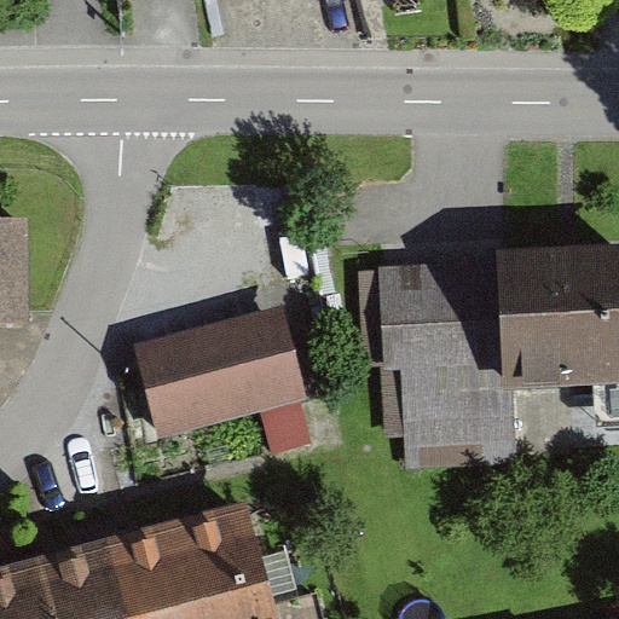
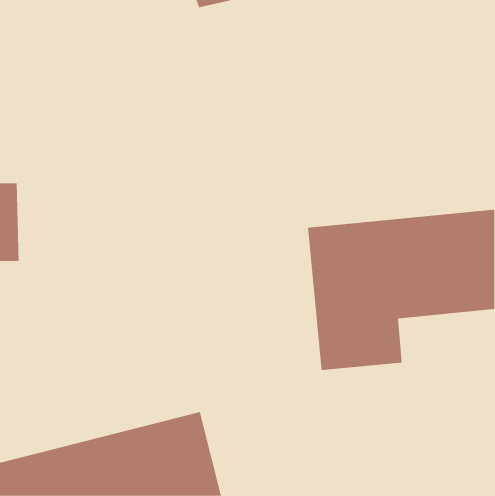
building: [143,299,310,432] -> none

